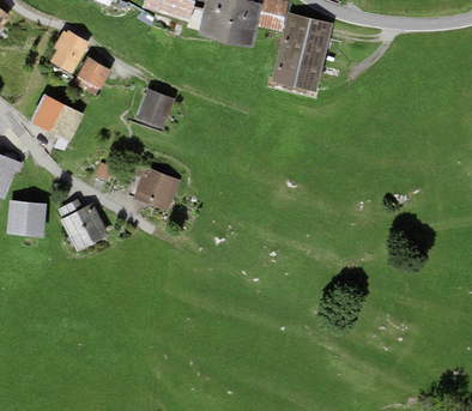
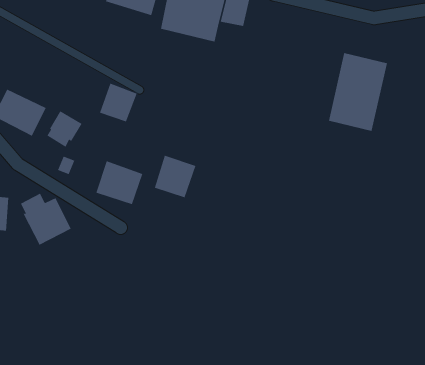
building: [272,12,332,91] -> [328,52,388,131]
building: [49,29,89,72] -> none
building: [74,56,110,93] -> [47,111,83,148]
building: none -> [154,155,196,198]

